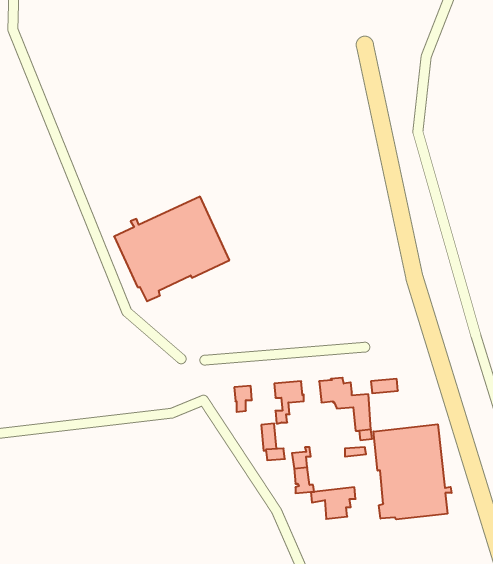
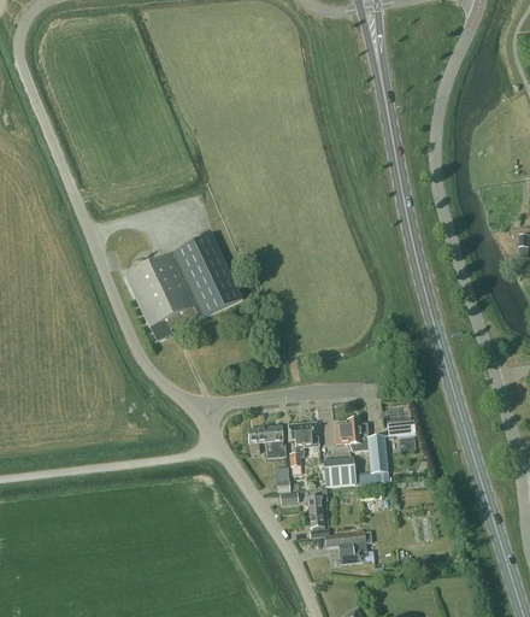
building: none -> [264,424,285,458]
building: none -> [323,459,354,486]
building: [373,424,452,519] -> none

